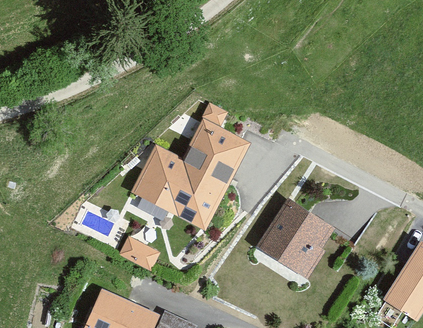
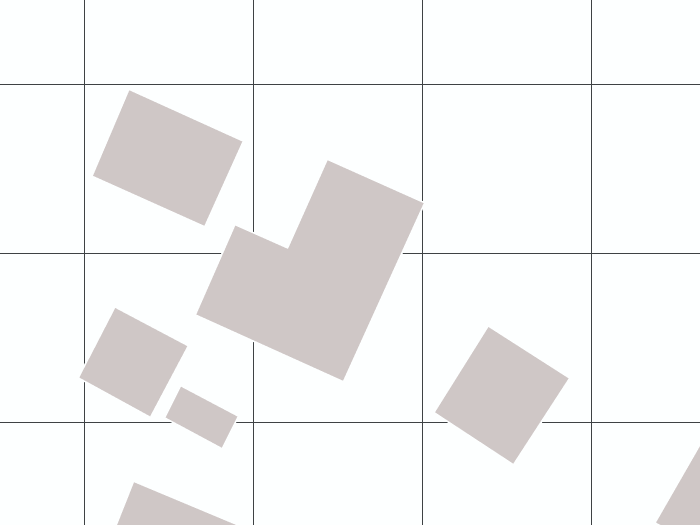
building: none -> [92,89,244,227]
building: none -> [78,307,188,418]

